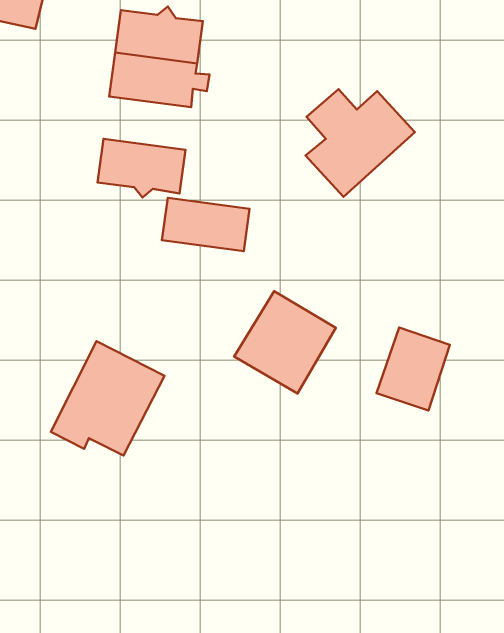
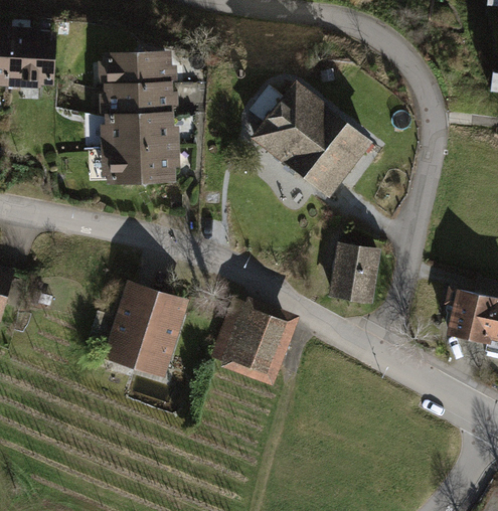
building: none -> [286,108,366,191]
building: [162,198,250,251] -> [111,117,170,149]
building: [234,291,336,393] -> [219,304,287,372]

